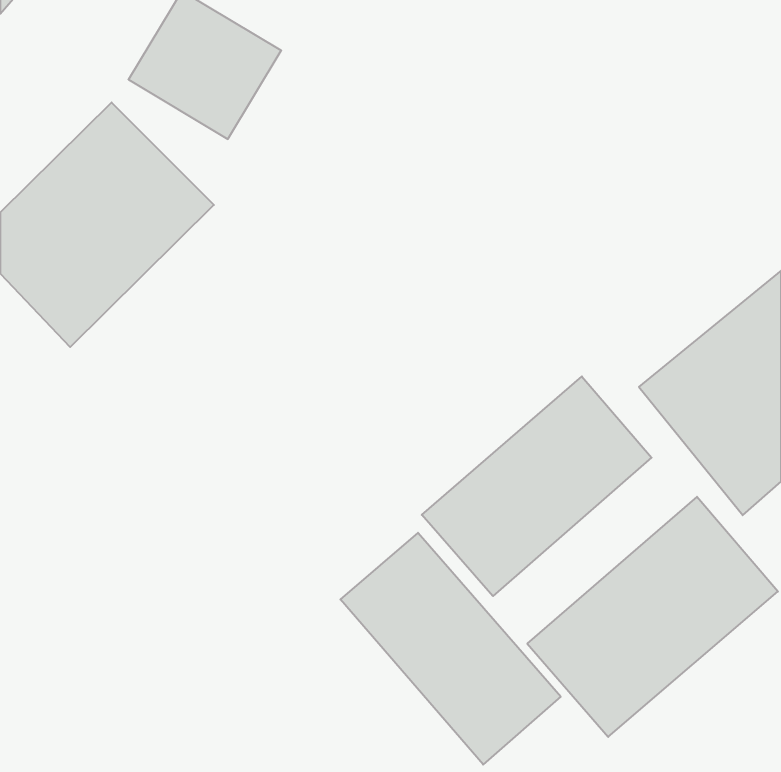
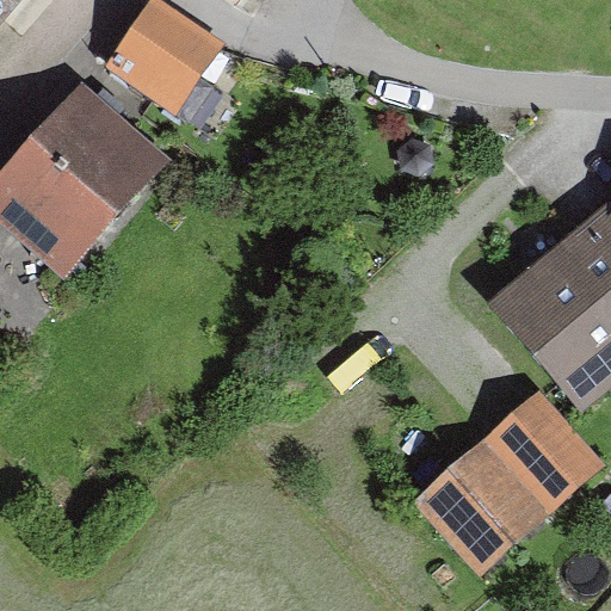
building: [422,376,652,596] -> none
building: [340,533,561,765] -> none

